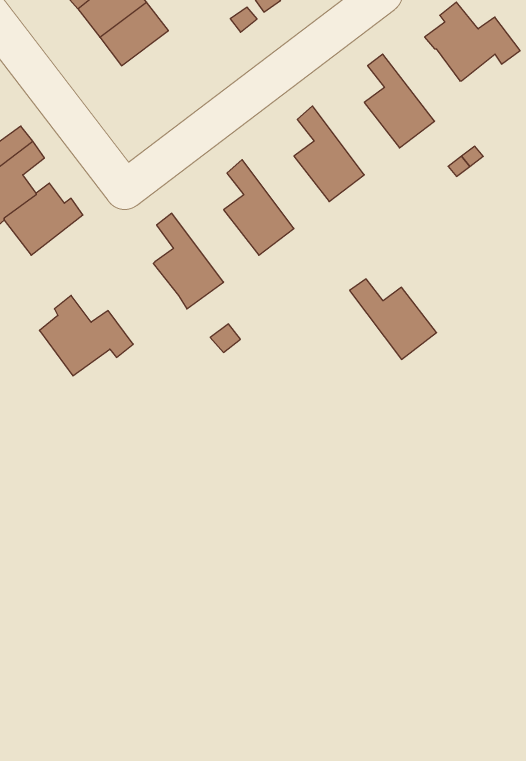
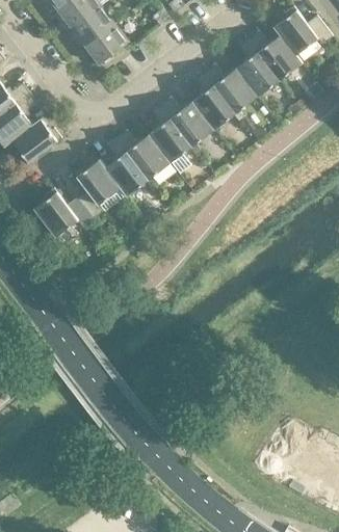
building: none -> [83,24,127,64]
building: none -> [245,30,301,80]
building: none -> [202,63,256,113]
building: none -> [114,130,168,180]
building: none -> [72,160,119,218]
building: [350,279,437,359] -> [158,97,212,147]

